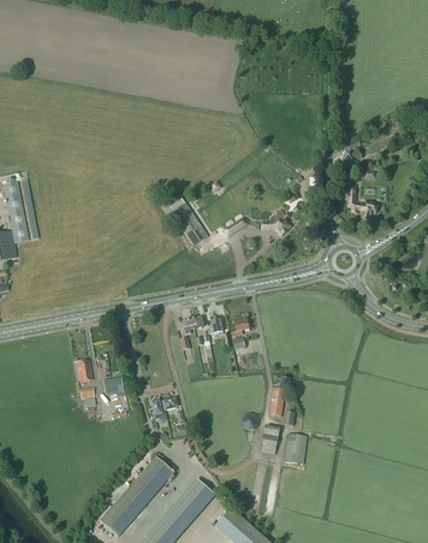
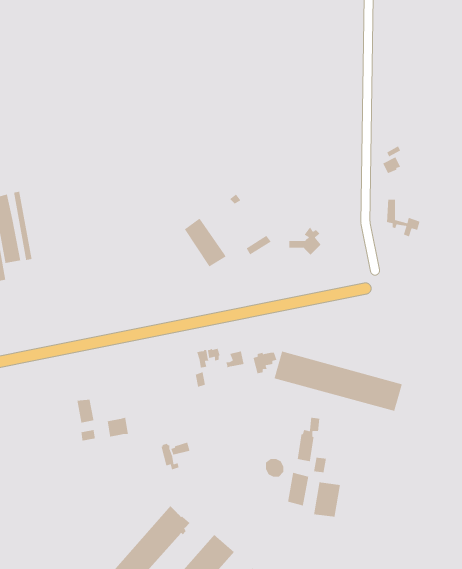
building: none -> [274,351,403,412]

